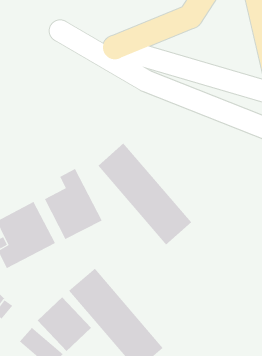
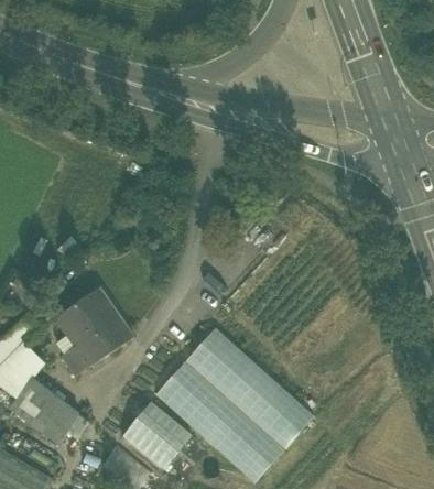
building: [98,142,192,246] -> [185,327,312,448]
building: [44,168,102,240] -> none

